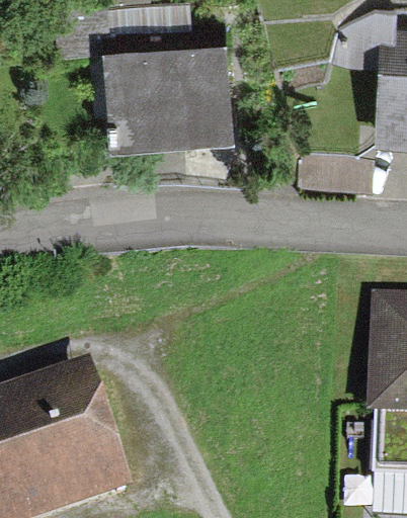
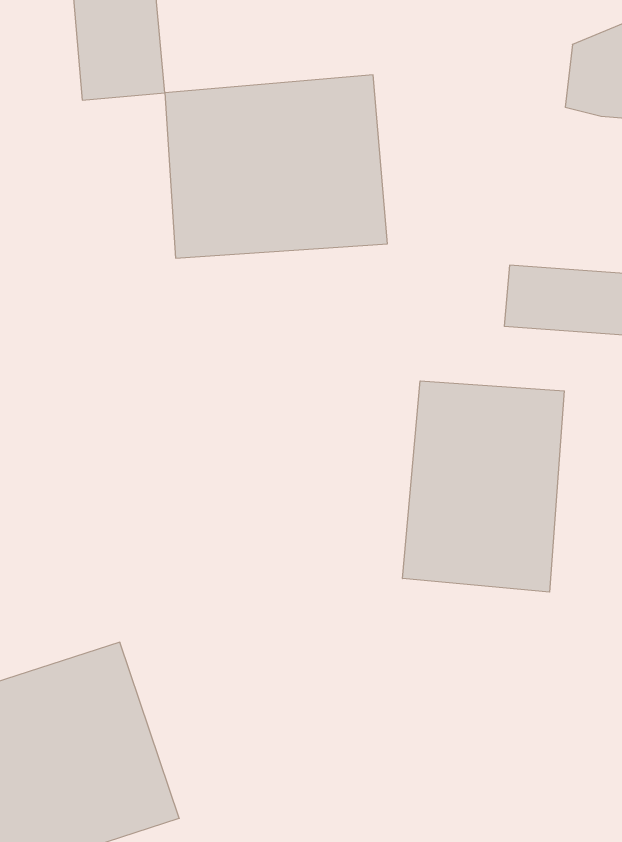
building: none -> [403,381,564,592]

